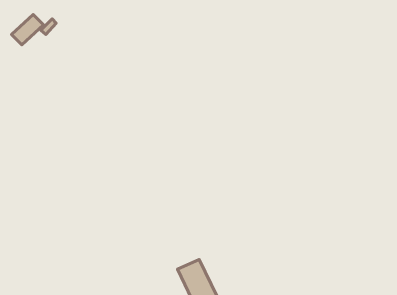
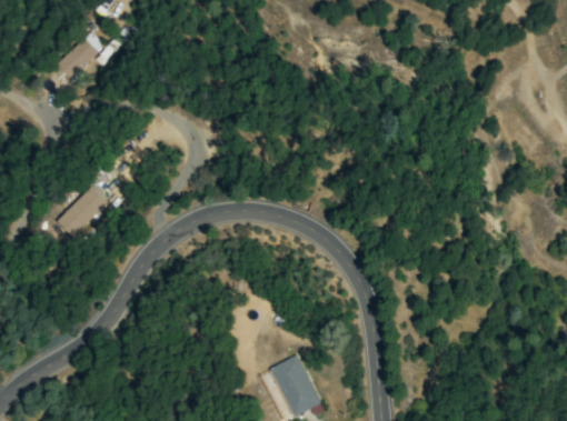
building: none -> [56,187,108,238]

